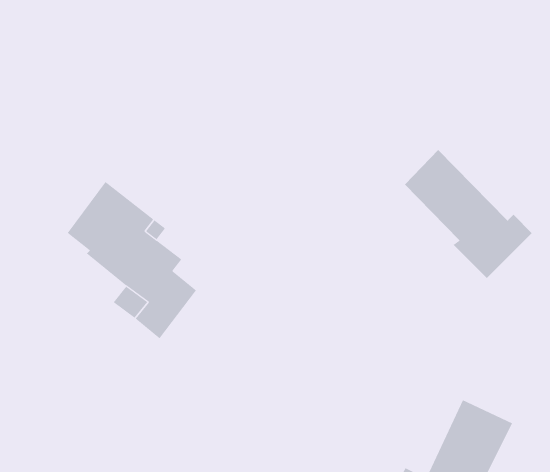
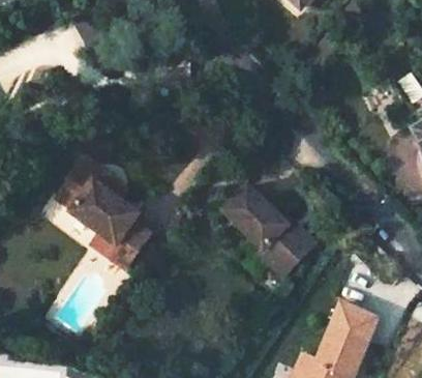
building: [404,149,533,279] -> [221,183,311,274]

